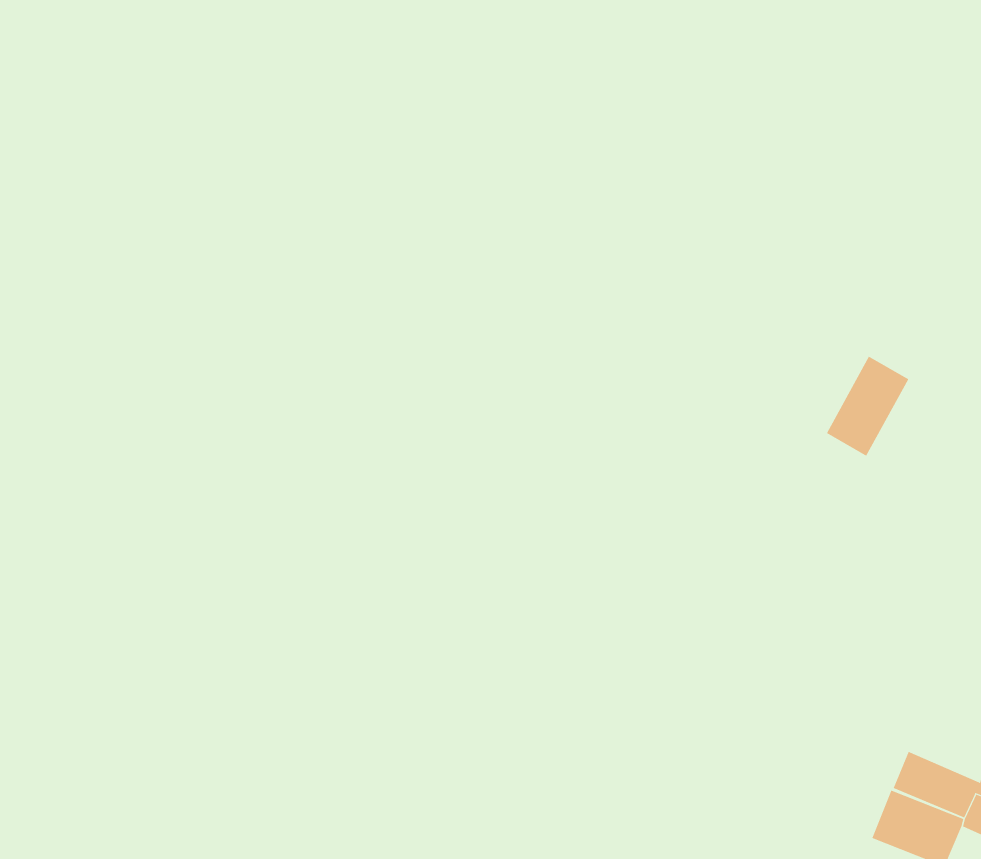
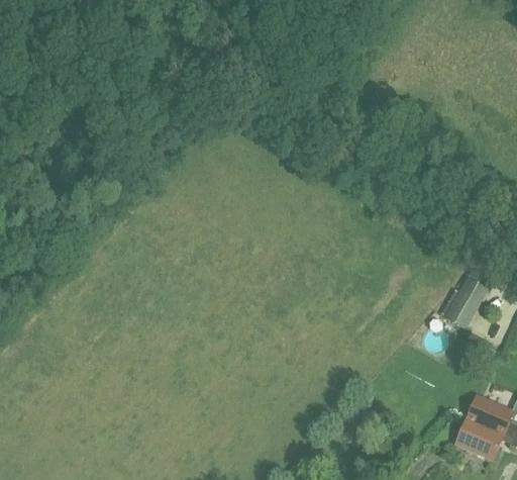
building: [826,356,909,456] -> [444,275,488,327]

